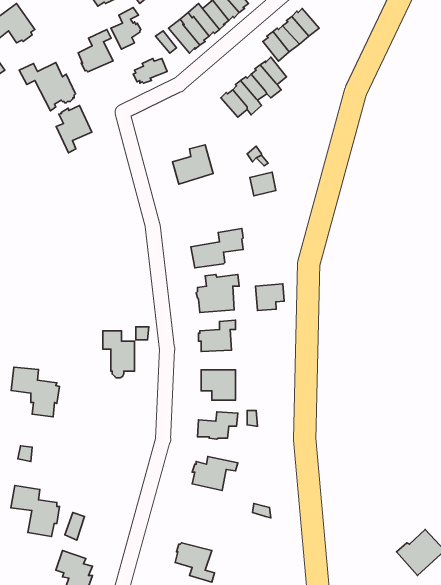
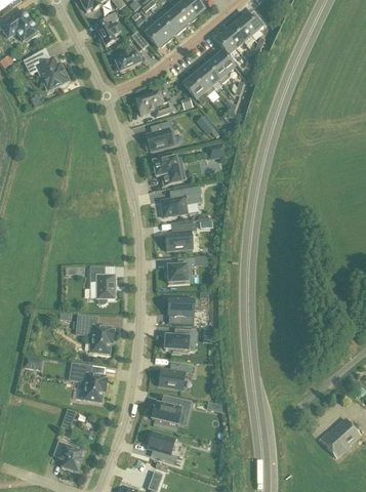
building: [78,29,113,72] -> none
building: [56,106,92,153] -> none
building: none -> [135,91,173,116]
building: none -> [149,156,185,186]
building: [256,284,284,311] -> none
building: [11,367,60,417] -> [76,314,114,353]
building: [11,486,59,537] -> [69,361,107,401]
building: none -> [151,397,190,424]

